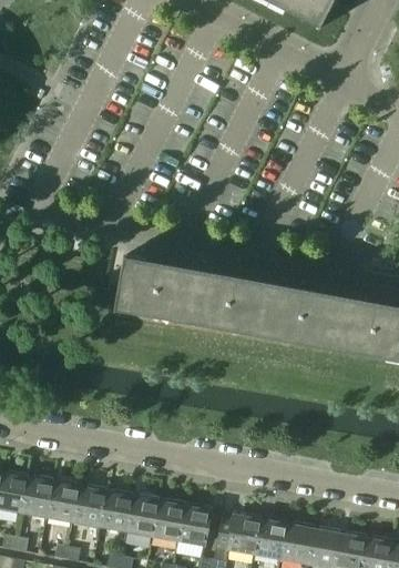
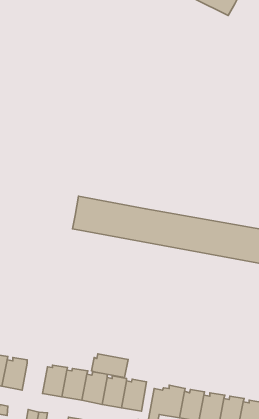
building: none -> [92,354,128,378]
building: [50,480,84,523] -> none

